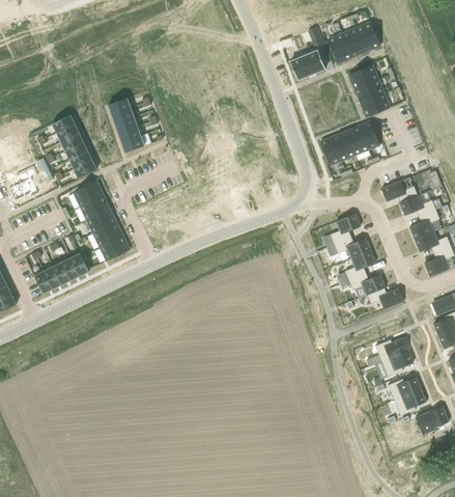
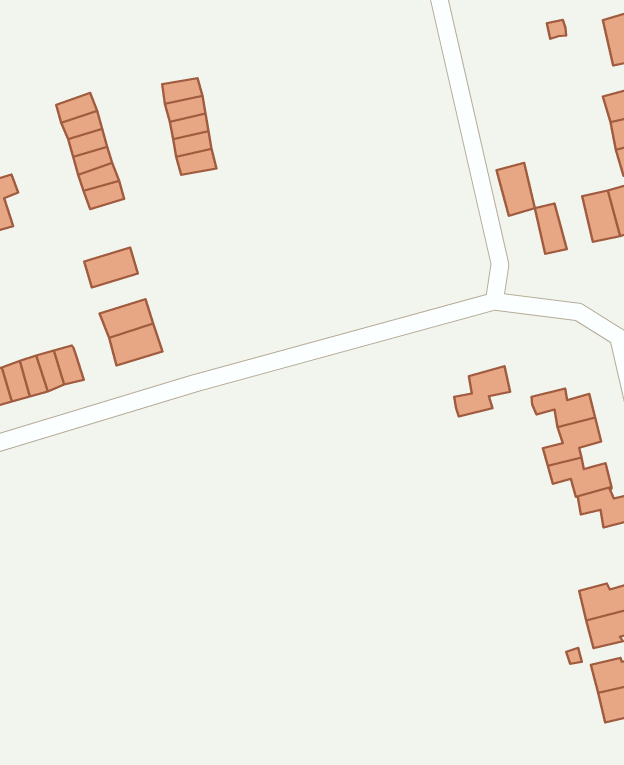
building: [328,33,351,63] -> none
building: [290,50,325,79] -> none
building: [331,131,354,161] -> [497,163,535,216]
building: [73,181,104,206] -> none
building: [86,209,116,233] -> none
building: [330,213,360,244] -> [454,366,510,417]

